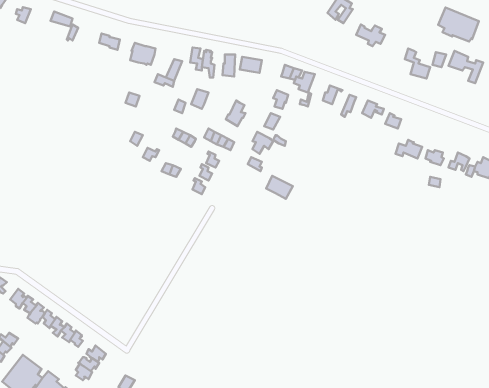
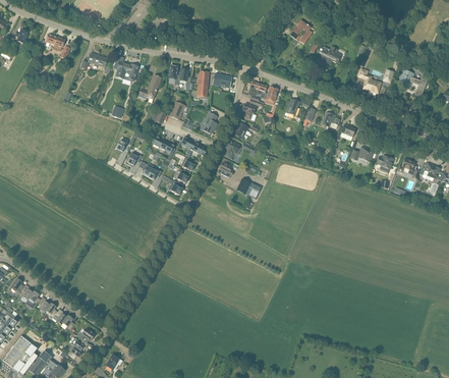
building: [438,8,479,42] -> none

